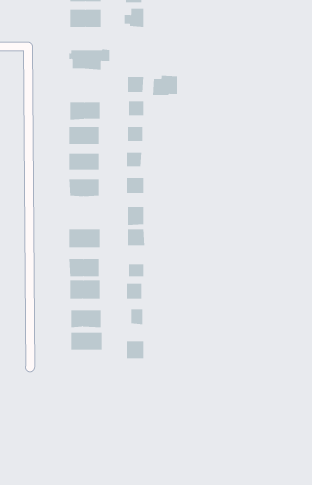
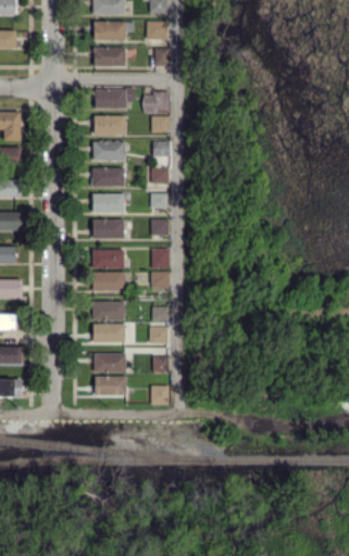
building: [152,75,178,95] -> [144,91,170,112]
building: none -> [95,115,126,135]
building: none -> [92,250,124,268]

